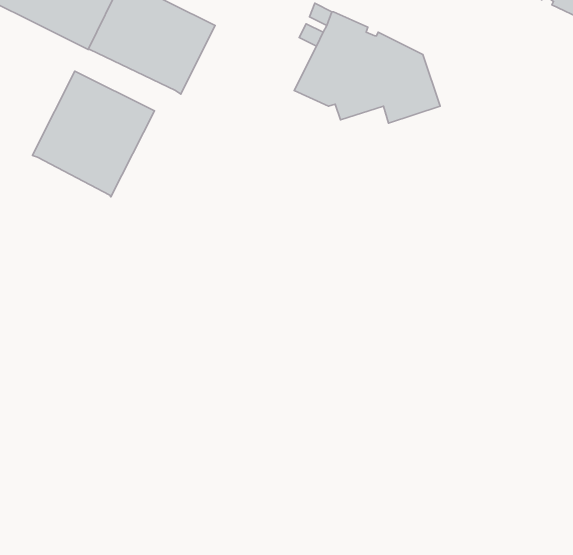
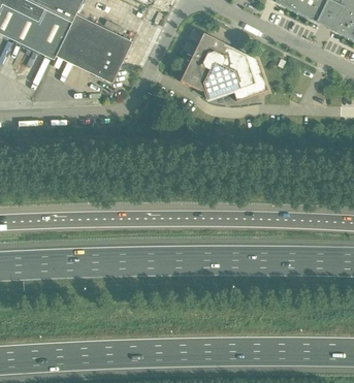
building: [32,71,154,197] -> none

